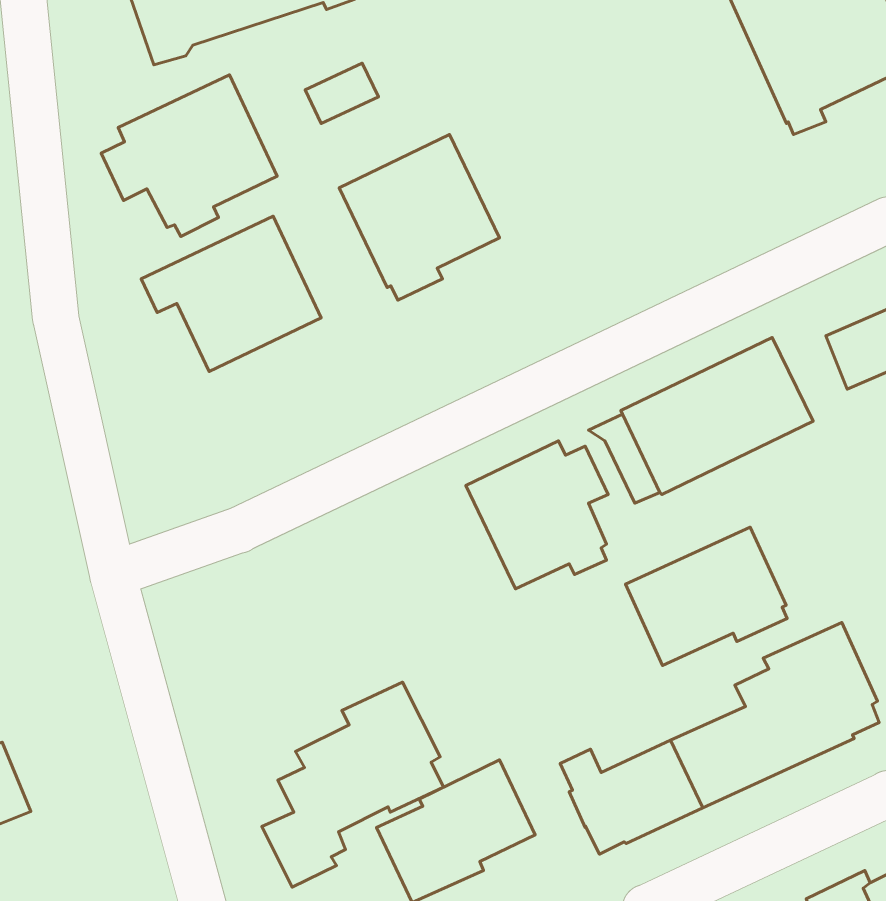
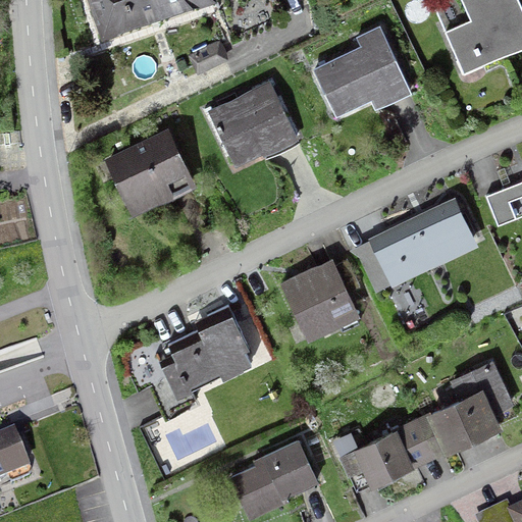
building: none -> [313,25,413,117]
building: [101,75,277,237] -> none
building: [625,527,787,665] -> none
building: [262,682,444,887] -> [149,306,253,423]

